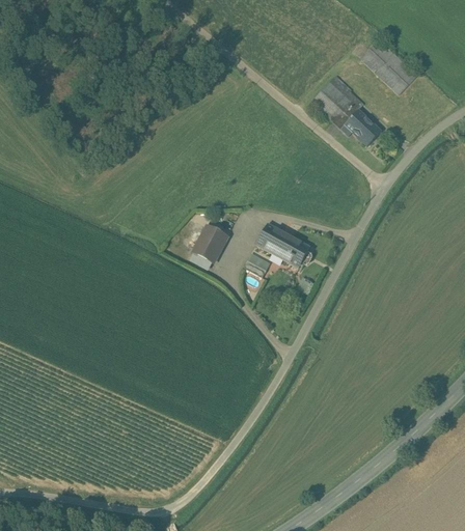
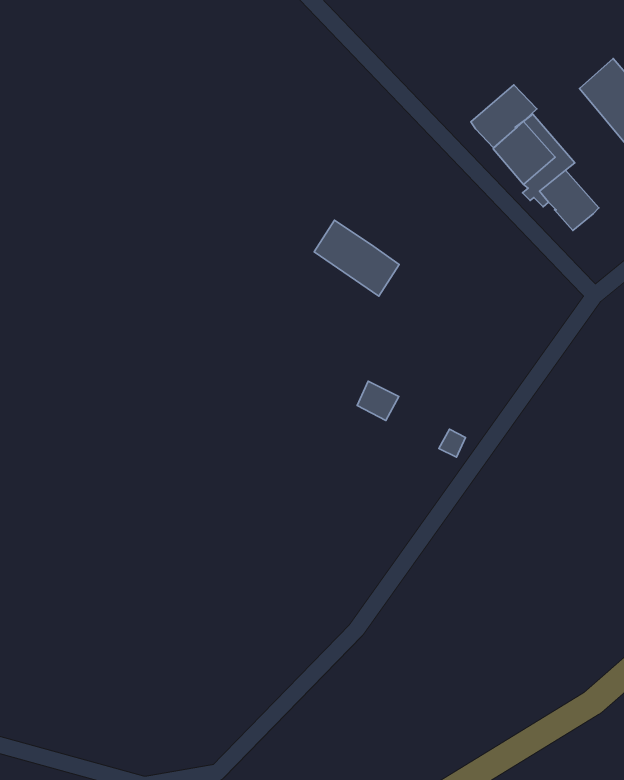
building: none -> [471,85,537,148]
building: [256,223,309,267] -> [314,220,399,296]
building: [193,224,227,261] -> none

